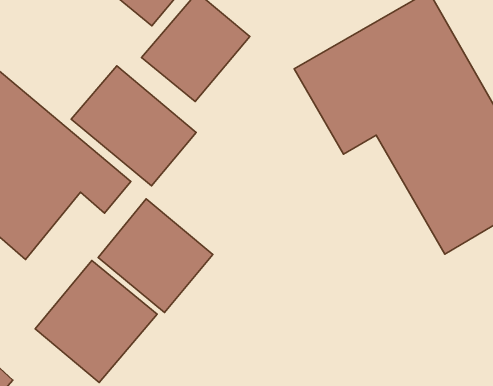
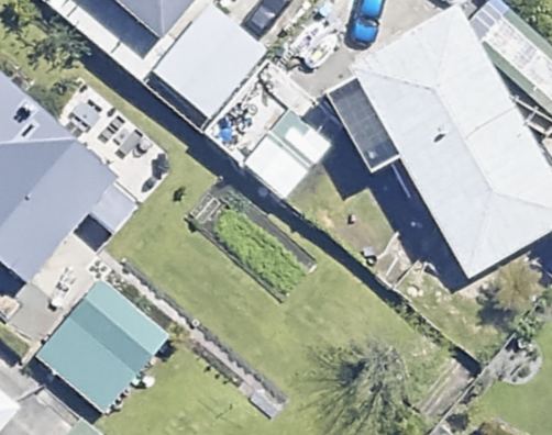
building: [71,66,196,186] -> none
building: [98,199,213,312] -> none

